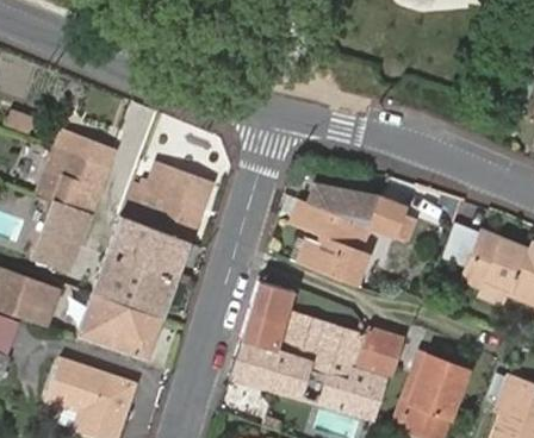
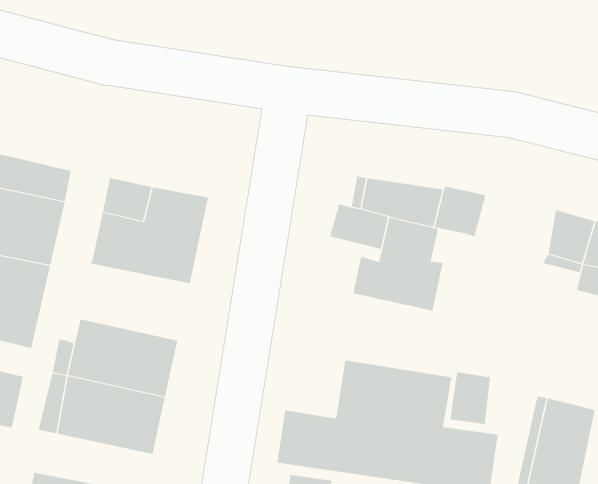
building: [106,217,188,280] -> none
building: [243,281,296,350] -> none

